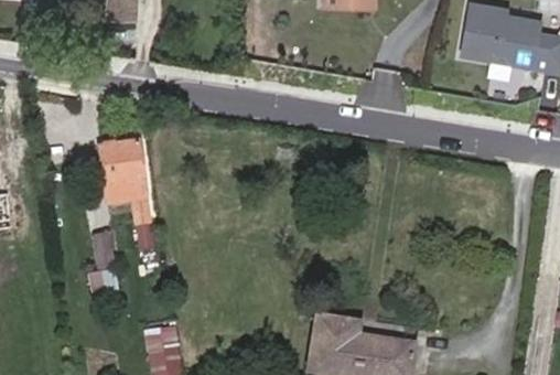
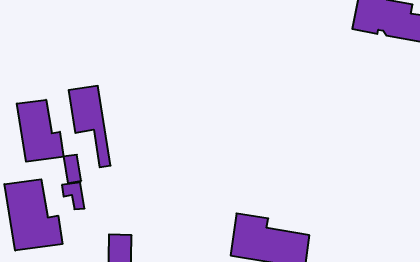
building: none -> [17,100,64,162]
building: none -> [4,179,62,251]

